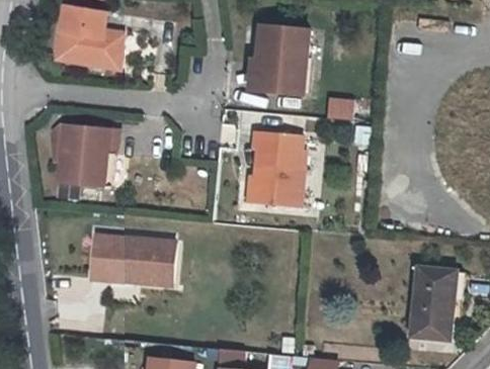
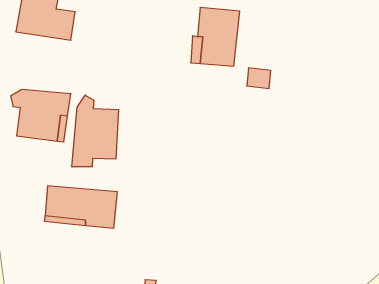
building: none -> [72,95,119,167]
building: [251,131,306,208] -> none
building: [411,267,454,341] -> none

